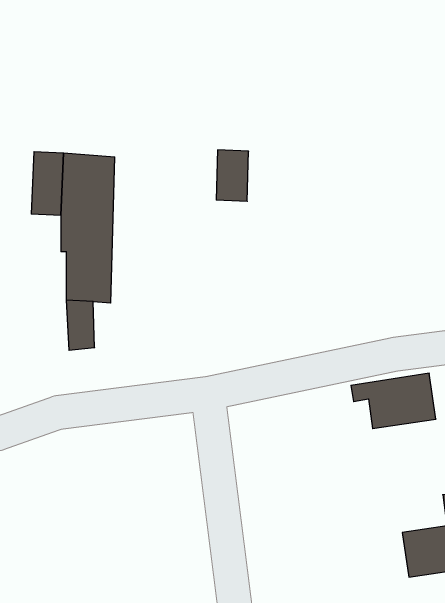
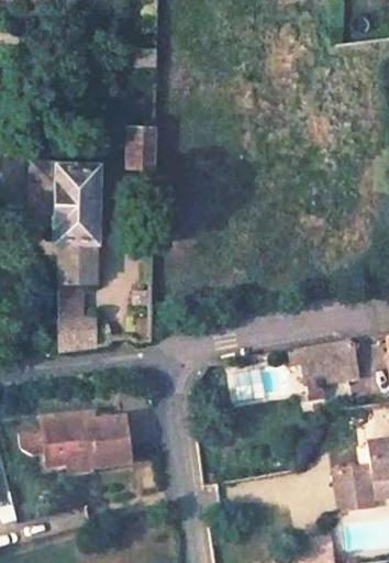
building: [216,150,249,201] -> [130,125,156,167]
building: none -> [60,317,96,353]
building: none -> [16,415,132,464]

